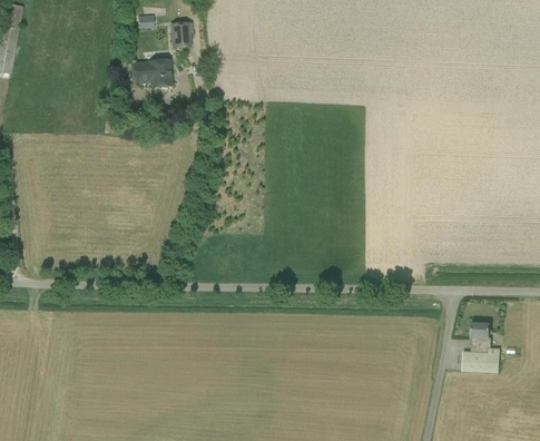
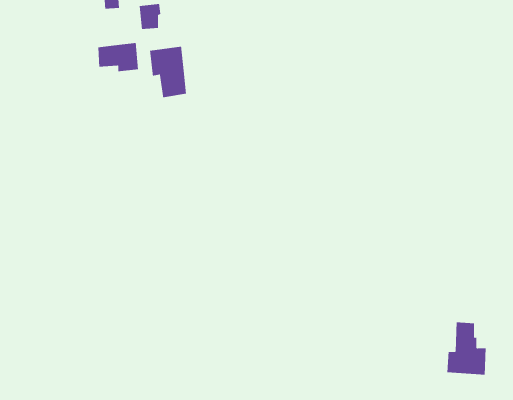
building: none -> [150,46,186,98]

